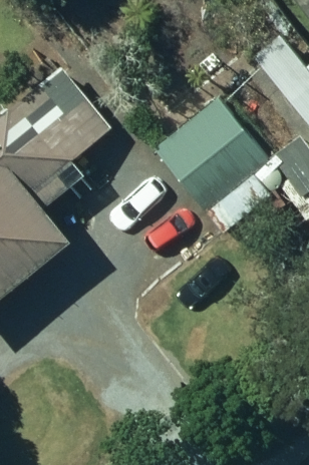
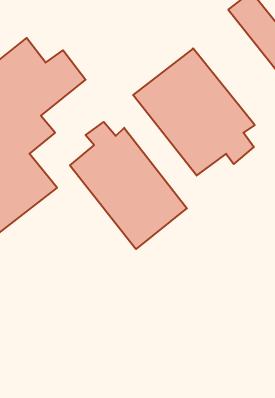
building: none -> [70,122,187,249]

